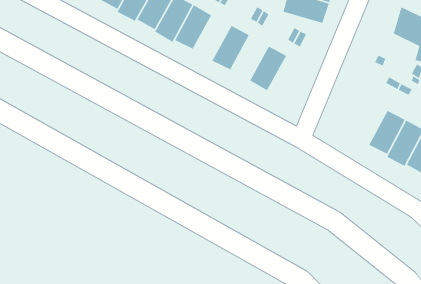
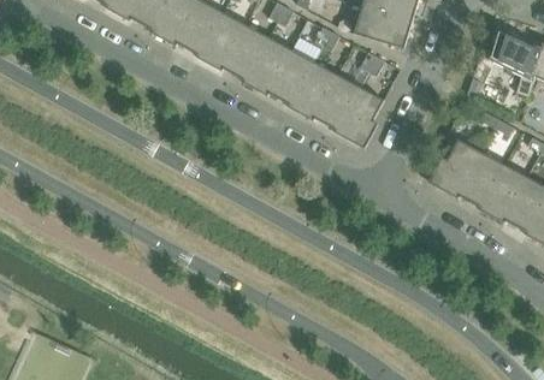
building: none -> [243,36,291,94]
building: none -> [289,60,337,119]
building: none -> [335,85,384,148]
building: none -> [427,138,481,197]

